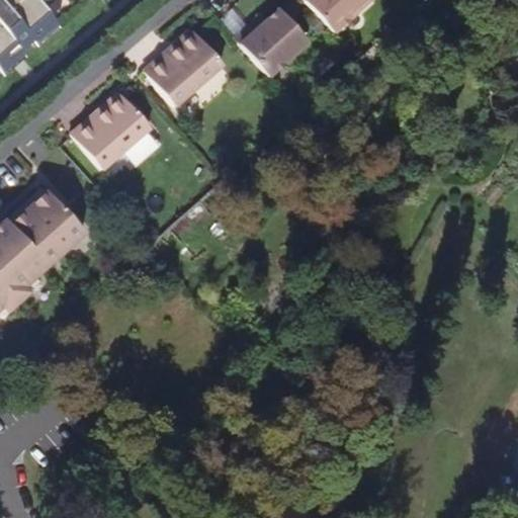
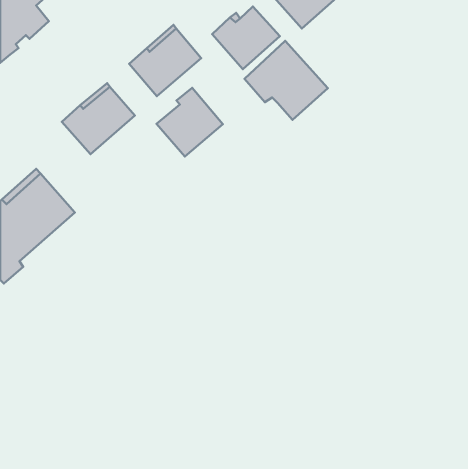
building: none -> [245,41,328,120]
building: none -> [157,88,223,157]

